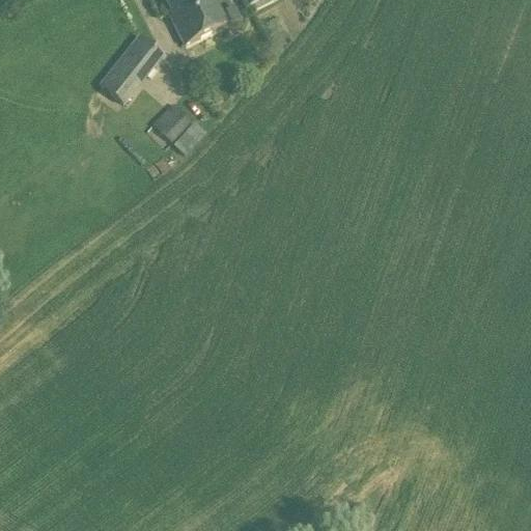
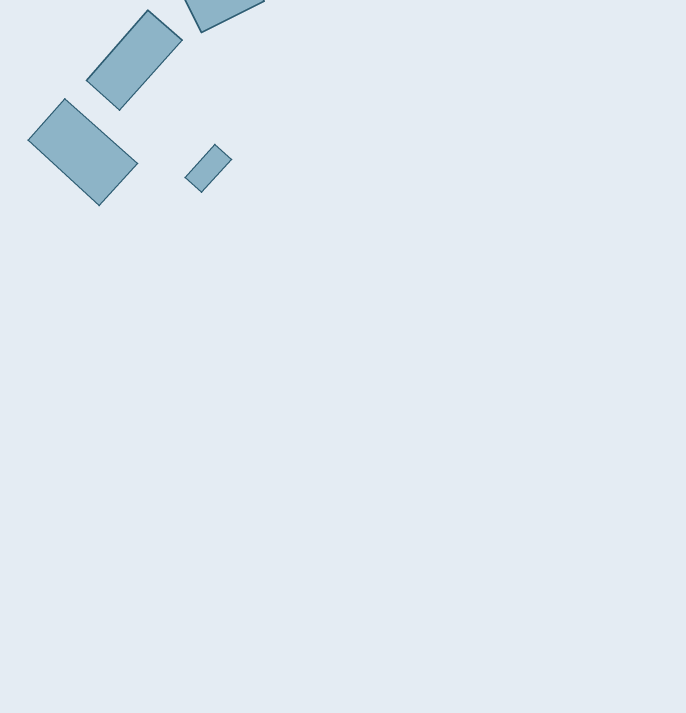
building: none -> [28,99,137,206]
building: [151,102,191,141] -> none

